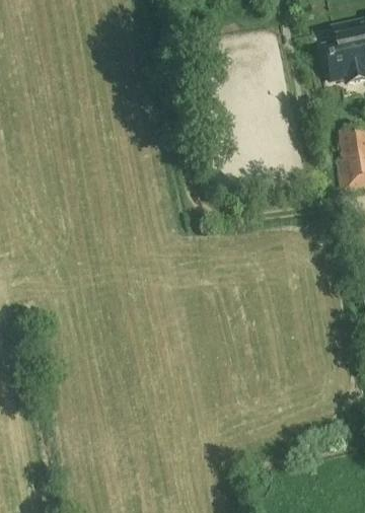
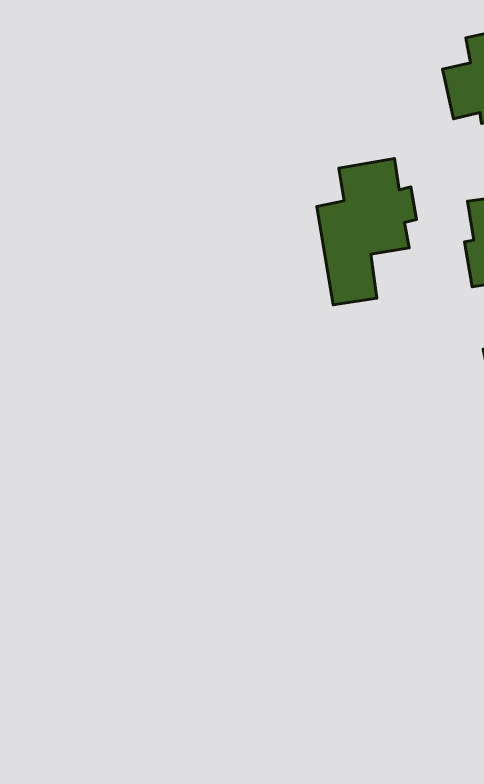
building: none -> [317,159,416,305]

